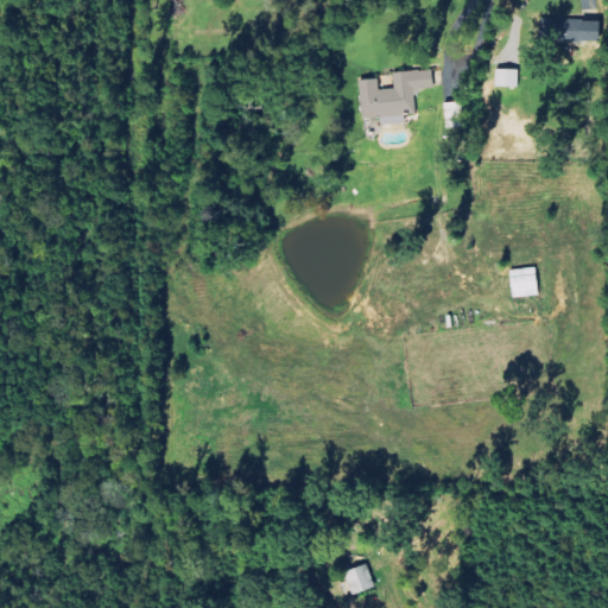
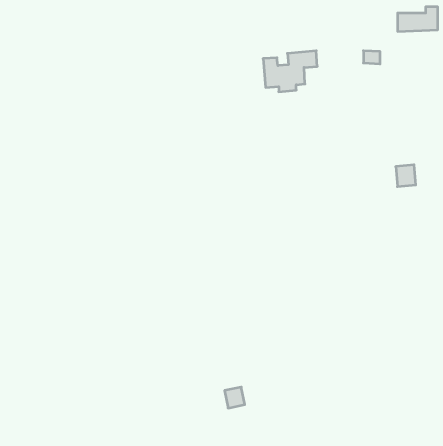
building: [509,267,537,297] -> [396,165,416,187]
building: [344,564,372,593] -> [225,387,245,408]

